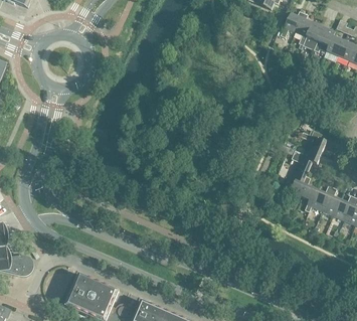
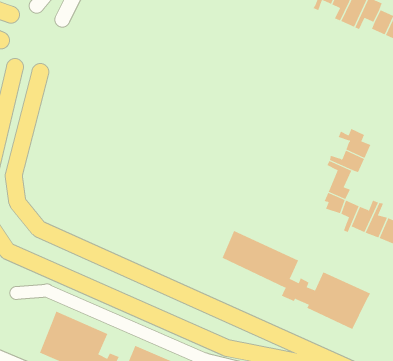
building: none -> [222,230,371,330]

